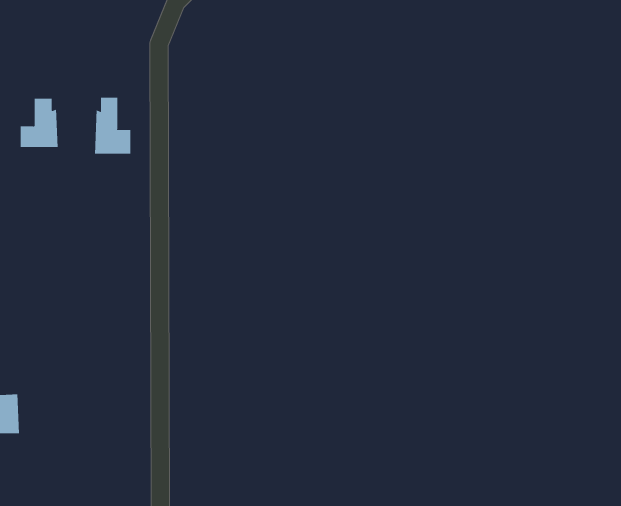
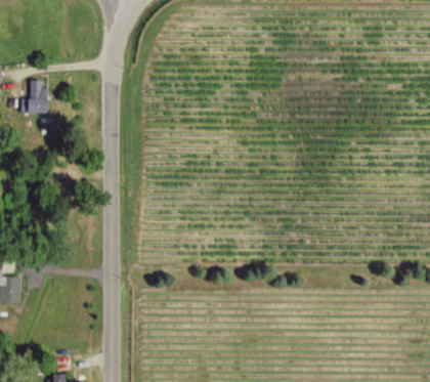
building: [95,97,131,154] -> none

